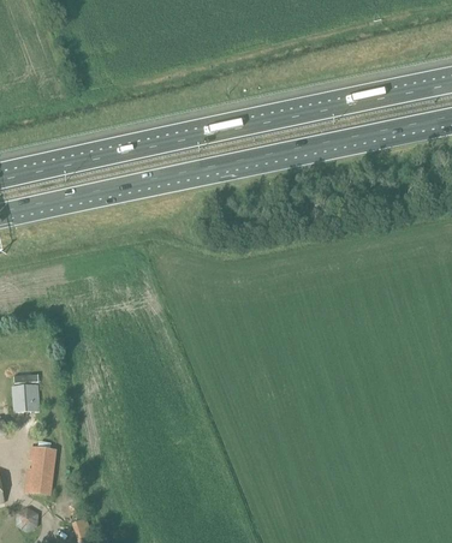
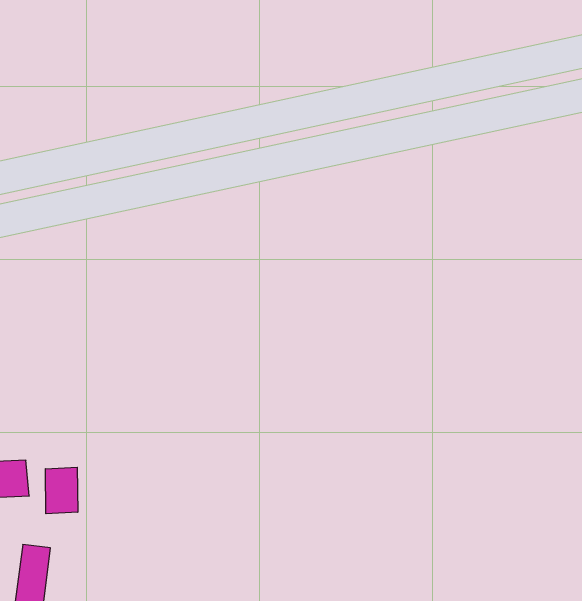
building: none -> [45,467,78,514]

